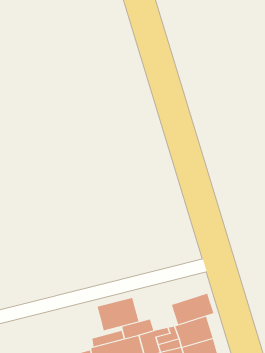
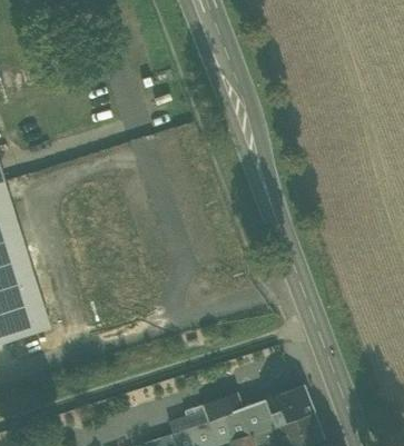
building: [171,293,214,325] -> none
building: [97,297,139,331] -> none

